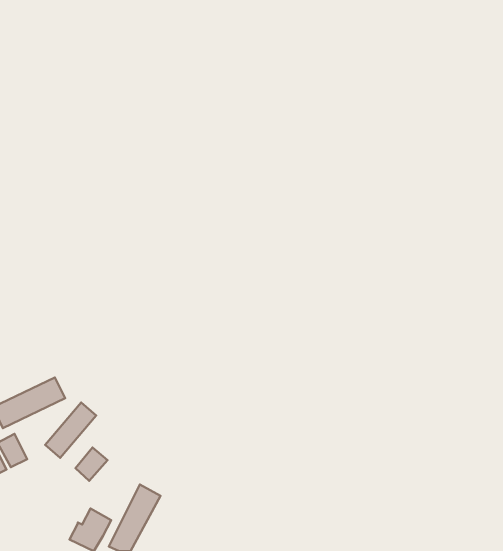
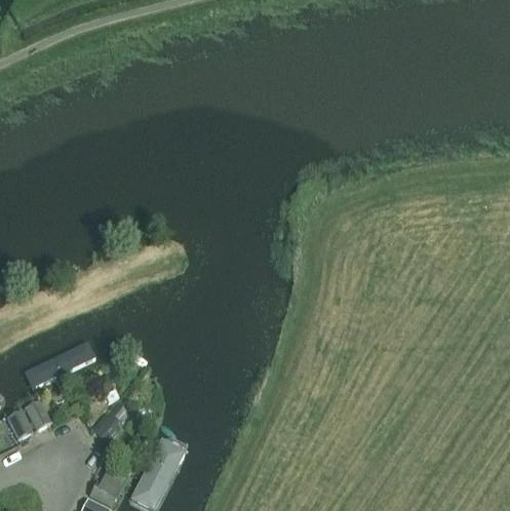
building: [45,402,96,458] -> none

